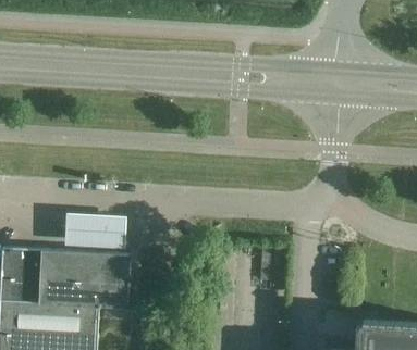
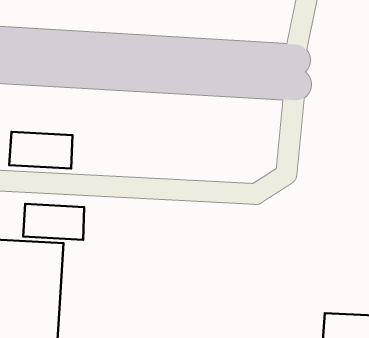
building: none -> [9,132,73,169]
building: [100,253,133,309] -> none

